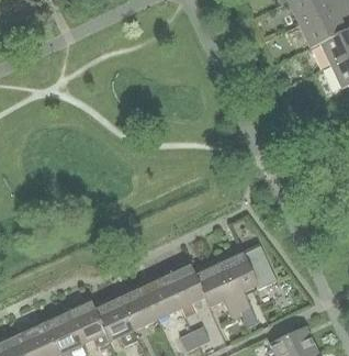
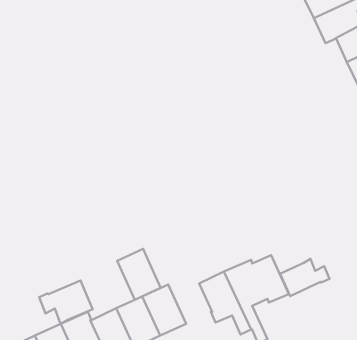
building: none -> [280,259,329,296]
building: [165,262,205,309] -> [117,249,161,300]
building: none -> [39,280,93,324]

